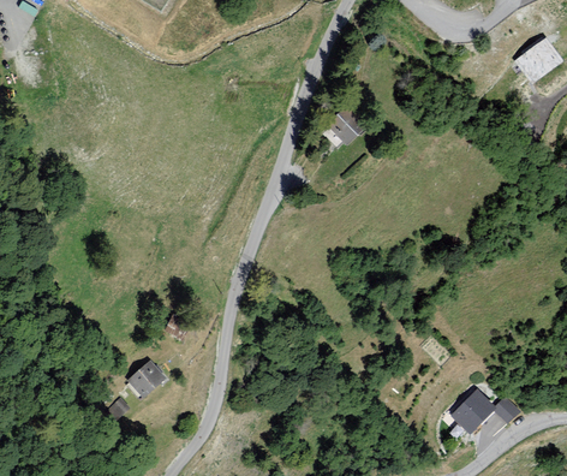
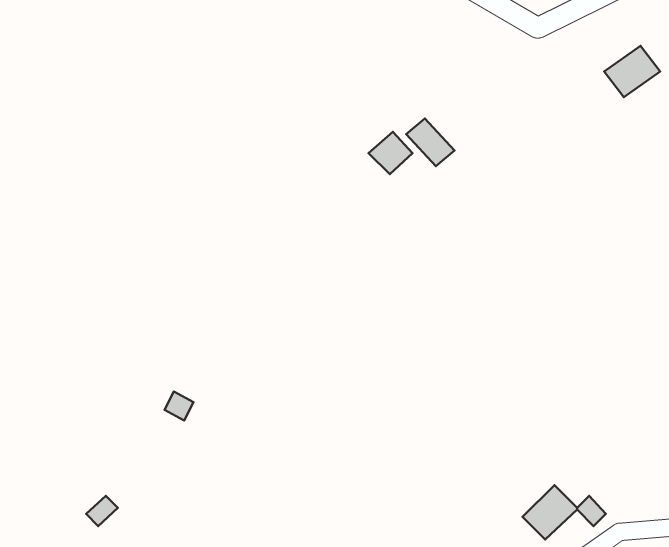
building: none -> [406,119,455,166]
building: [127,362,162,394] -> none

